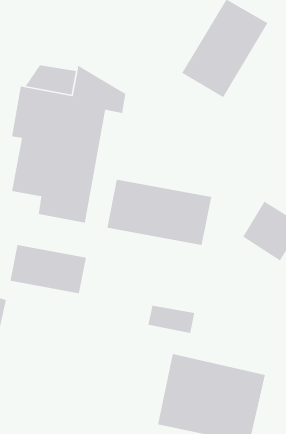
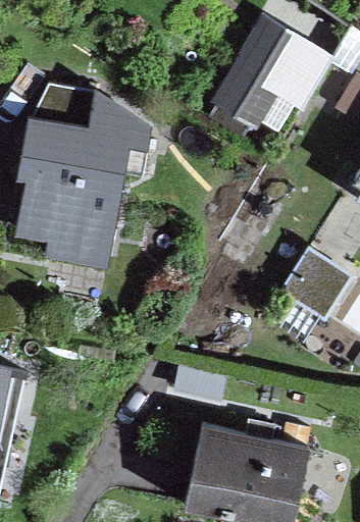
building: [106,179,212,246] -> none
building: [10,244,87,294] -> none

